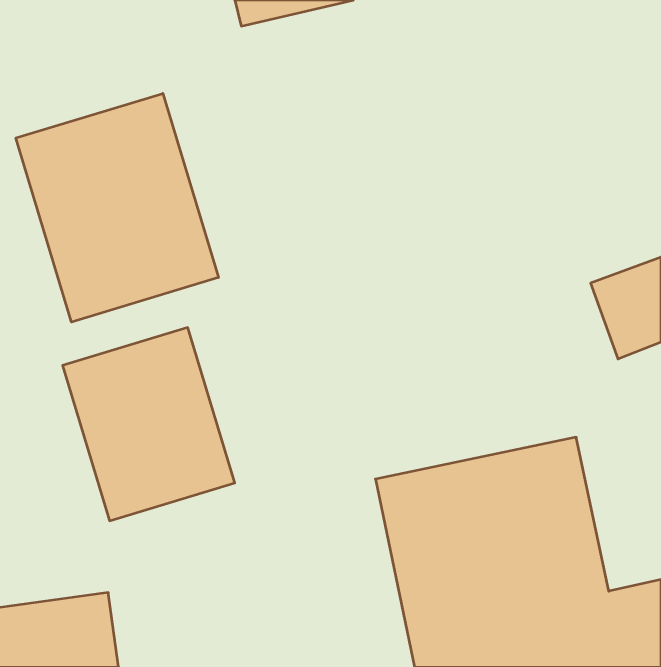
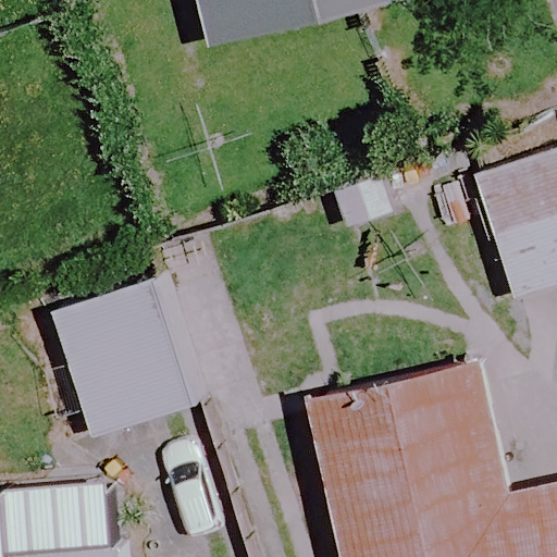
building: [16,93,218,322] -> none

